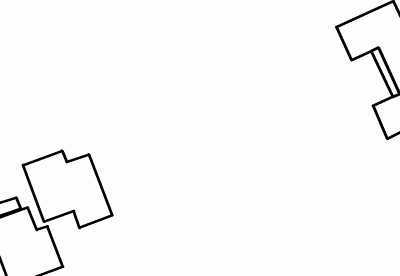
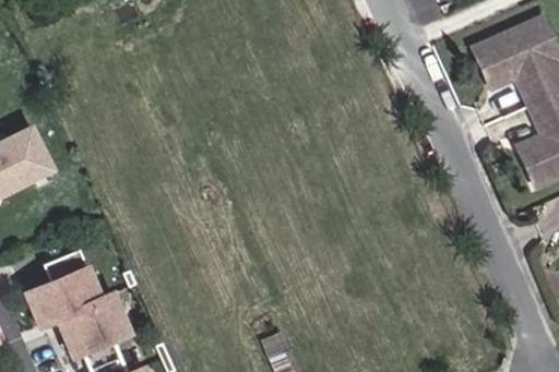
building: [23,151,112,228] -> none

